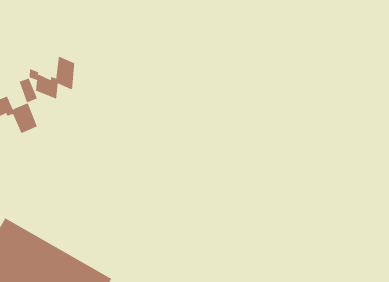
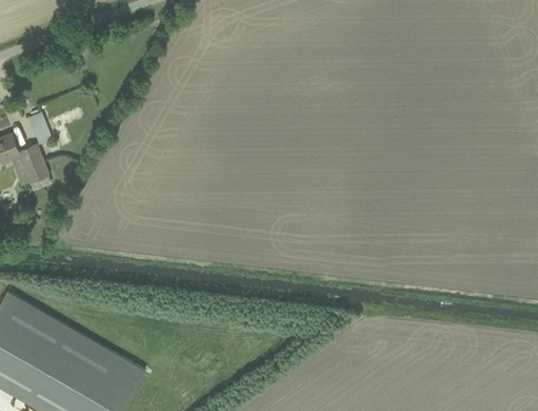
building: [29,56,75,99] -> none

